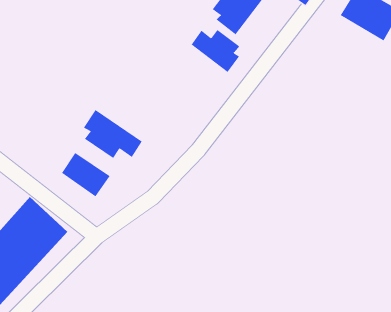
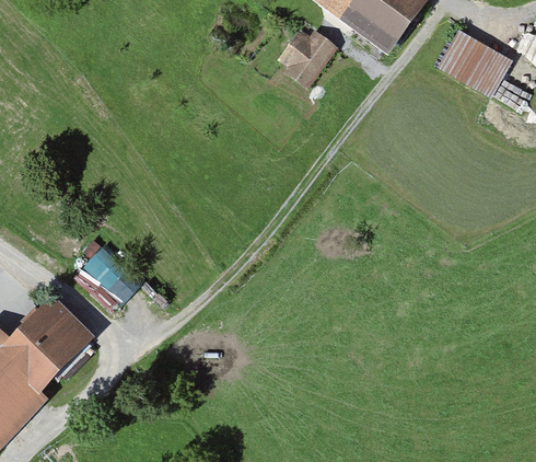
building: [191,29,240,73] -> none
building: [83,109,142,159] -> none

